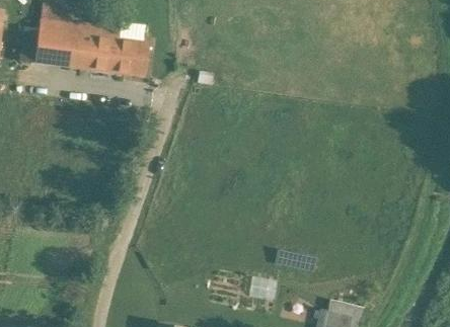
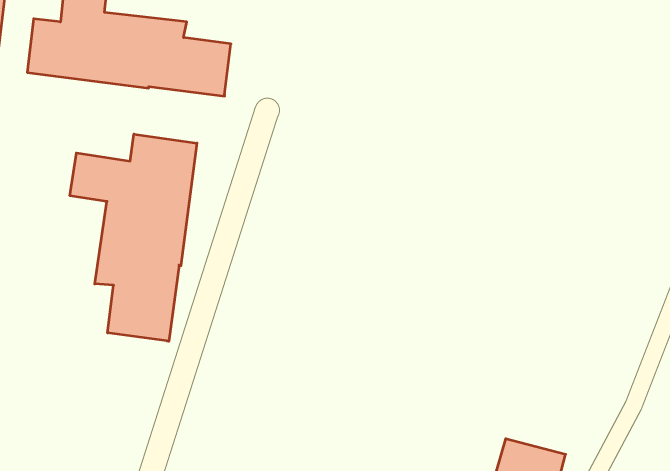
building: none -> [70,134,197,341]

